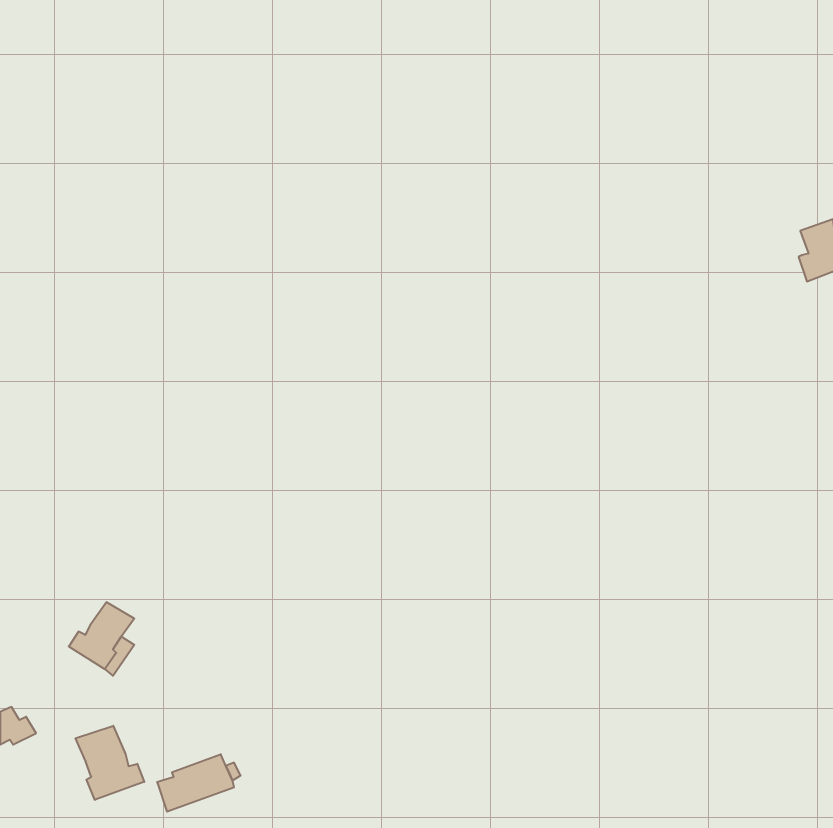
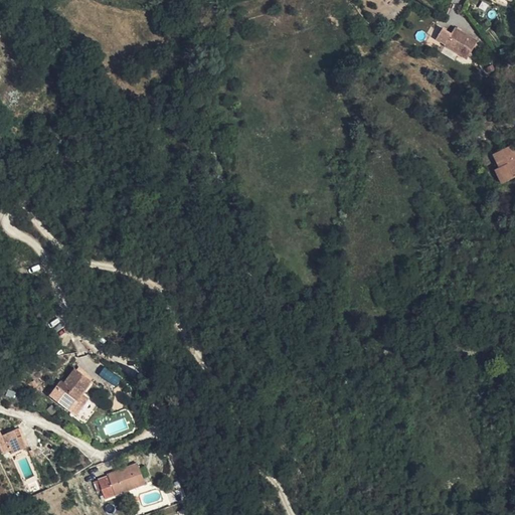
building: none -> [442,23,483,54]
building: [76,726,144,800] -> none

